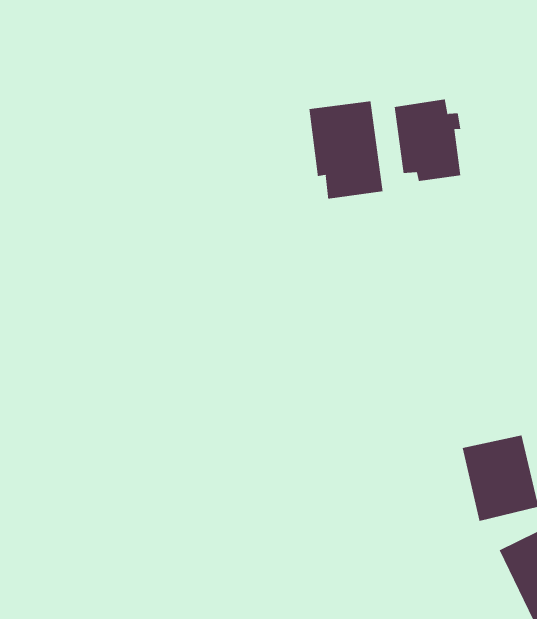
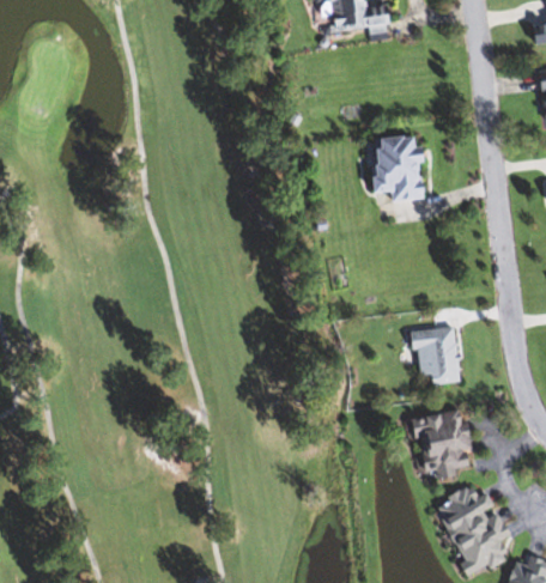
building: [309,100,383,200] -> none
building: none -> [411,327,460,385]

